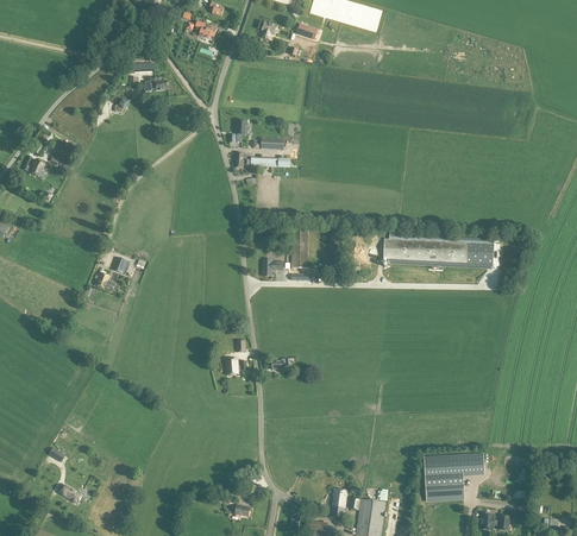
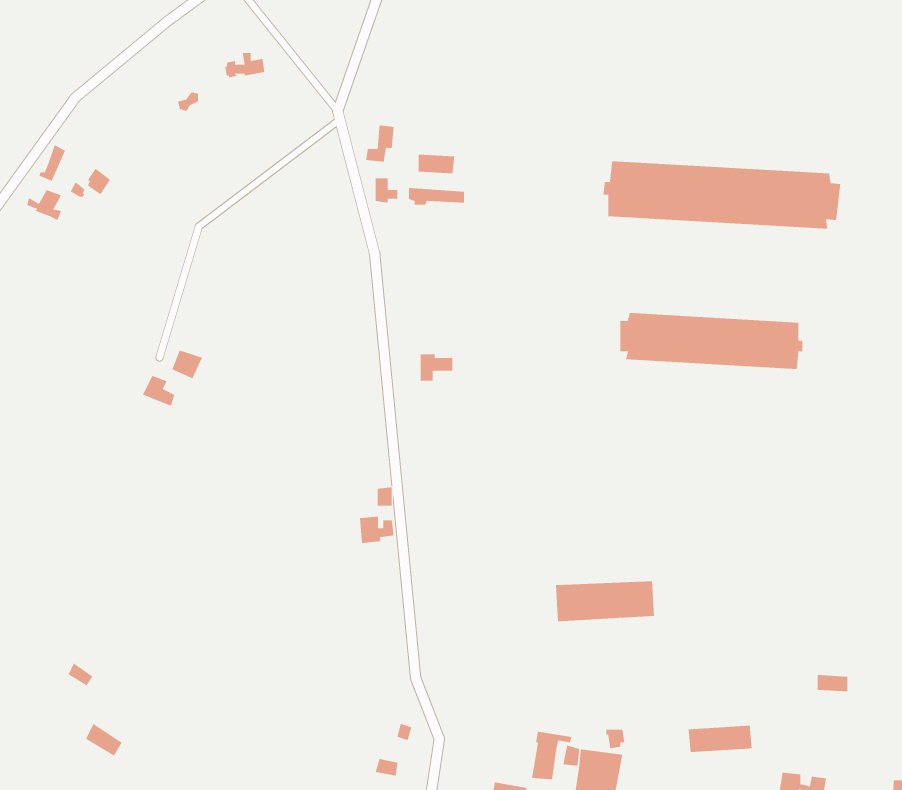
building: none -> [603,161,841,229]
building: [424,453,484,478] -> [555,581,655,622]

